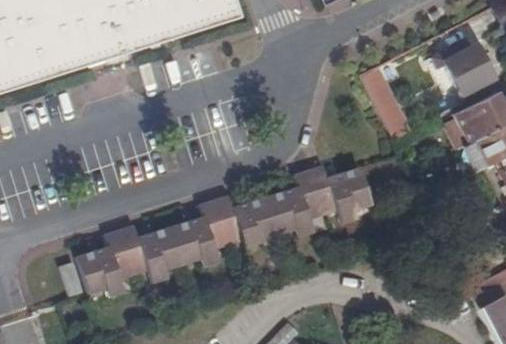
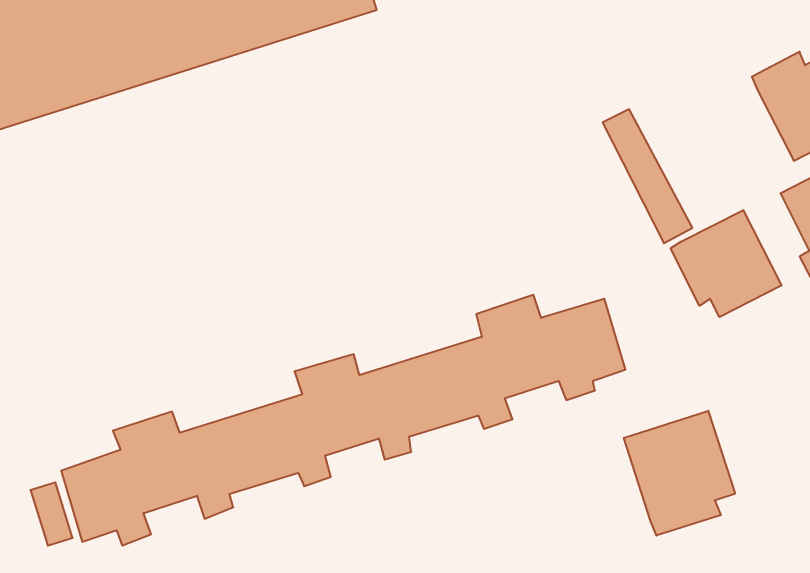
building: none -> [671,210,781,317]
building: none -> [624,411,735,536]

